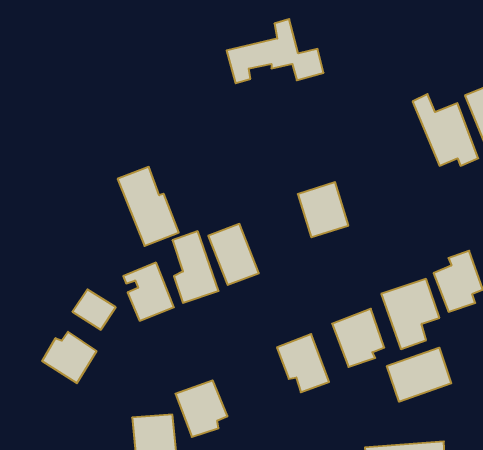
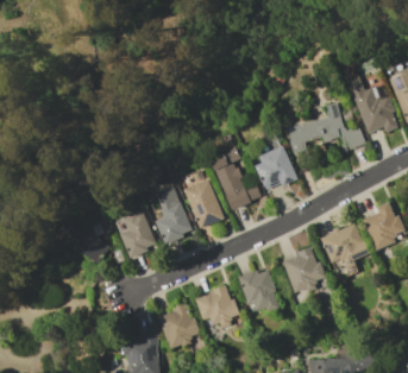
building: [227,19,324,83] -> [287,102,364,153]
building: [118,167,179,246] -> [209,146,258,209]
building: [42,332,96,383] -> none
building: [387,348,451,402] -> none
building: none -> [196,286,237,329]

